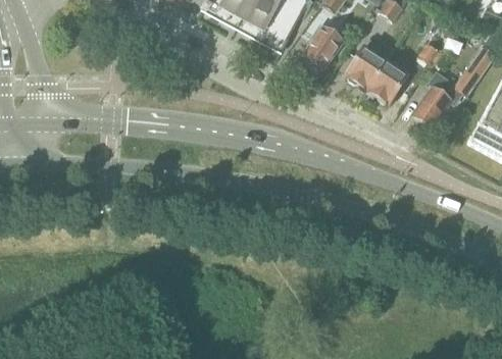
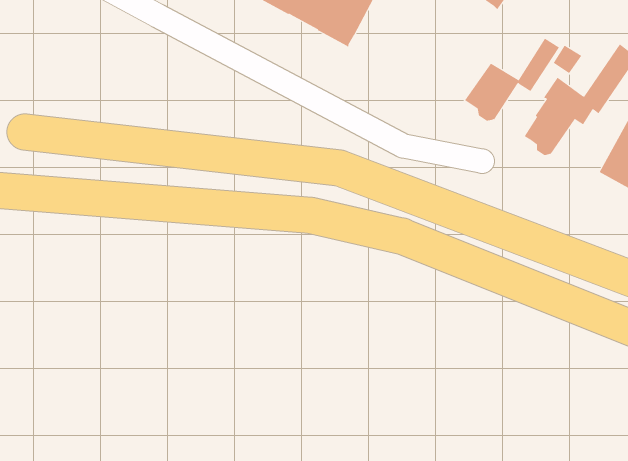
building: [303,25,344,68] -> none
building: [347,42,395,88] -> none

